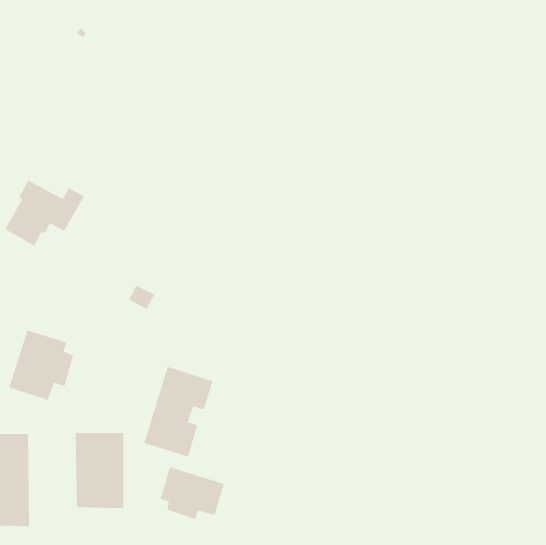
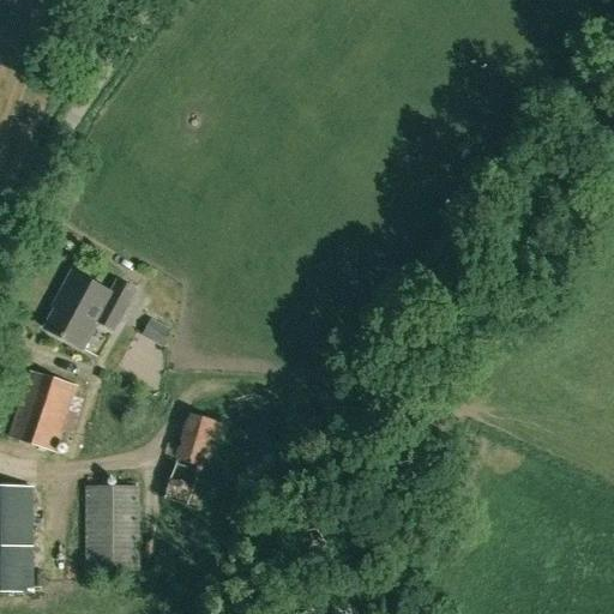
building: [4,180,85,246] -> [46,271,136,345]
building: [160,467,224,520] -> none

